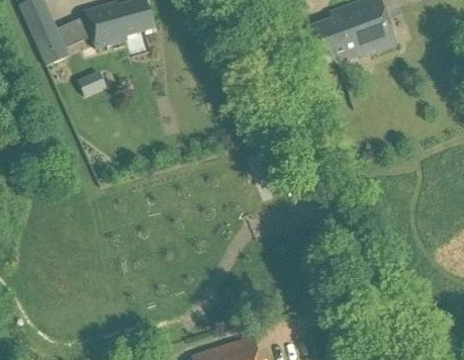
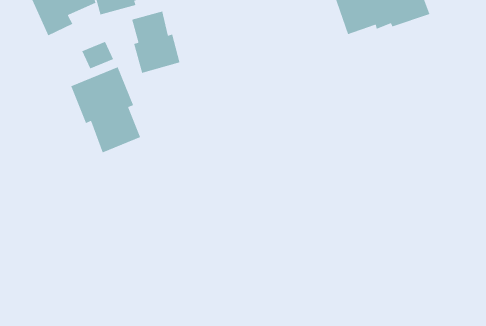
building: none -> [131,11,180,74]
building: none -> [70,66,141,154]

